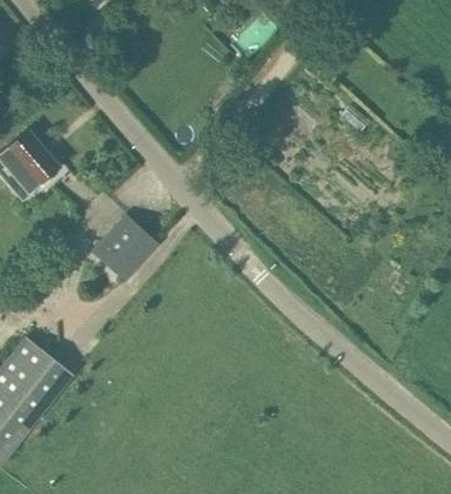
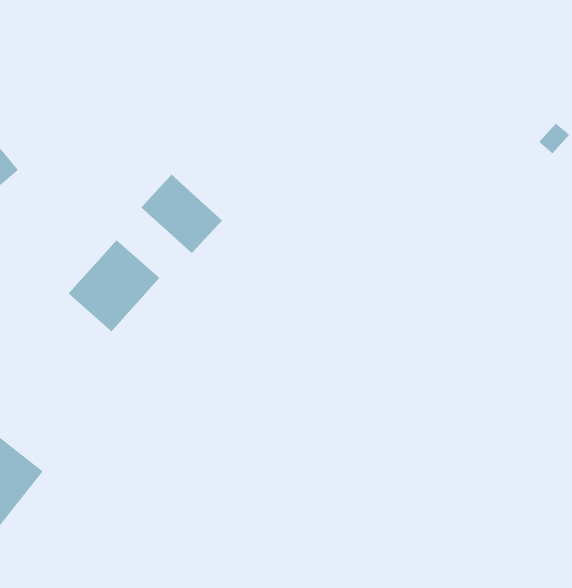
building: none -> [140,174,223,254]

